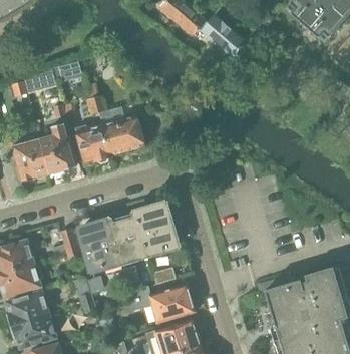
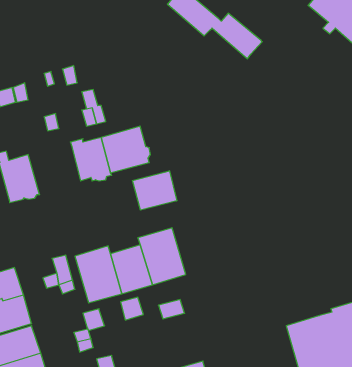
building: [38,124,74,175] -> none
building: none -> [133,171,177,210]
building: [126,286,193,322] -> none

